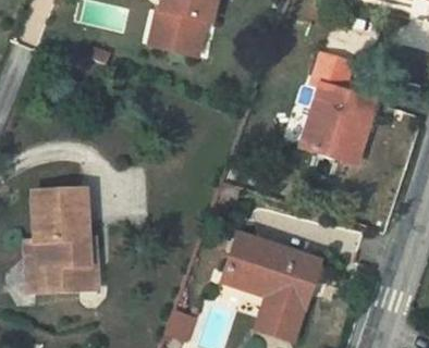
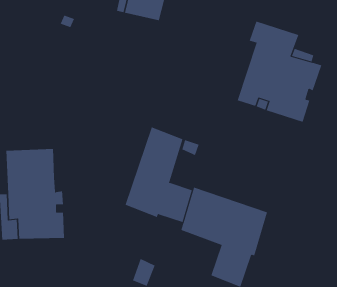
building: none -> [125,127,192,223]

